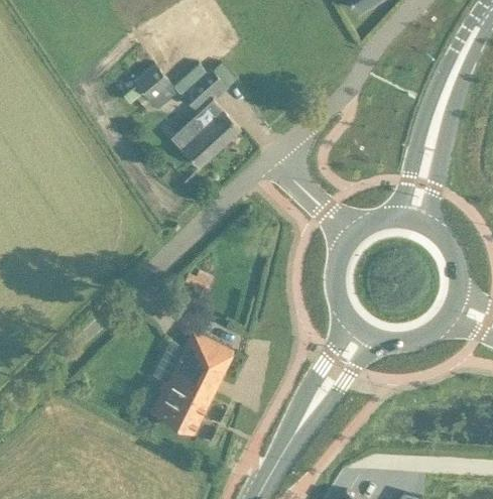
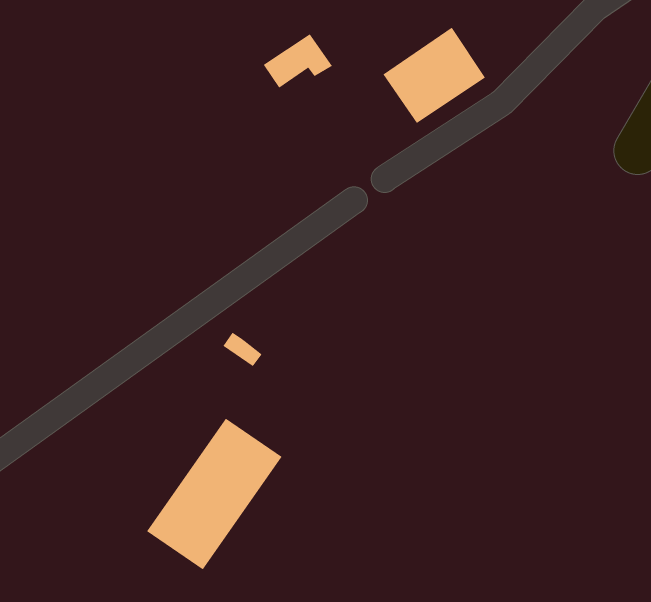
building: [134,66,177,110] -> none
building: [171,101,240,168] -> [383,27,486,124]

